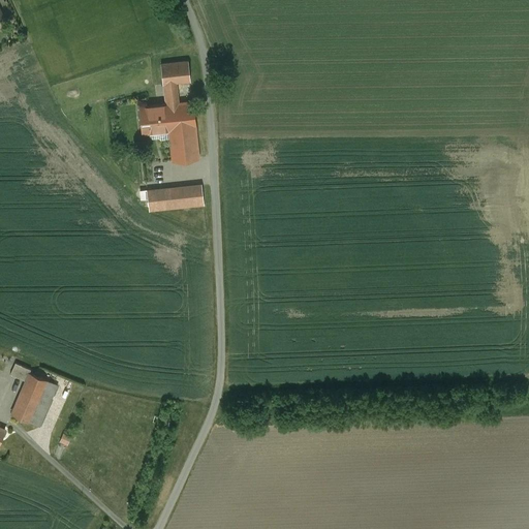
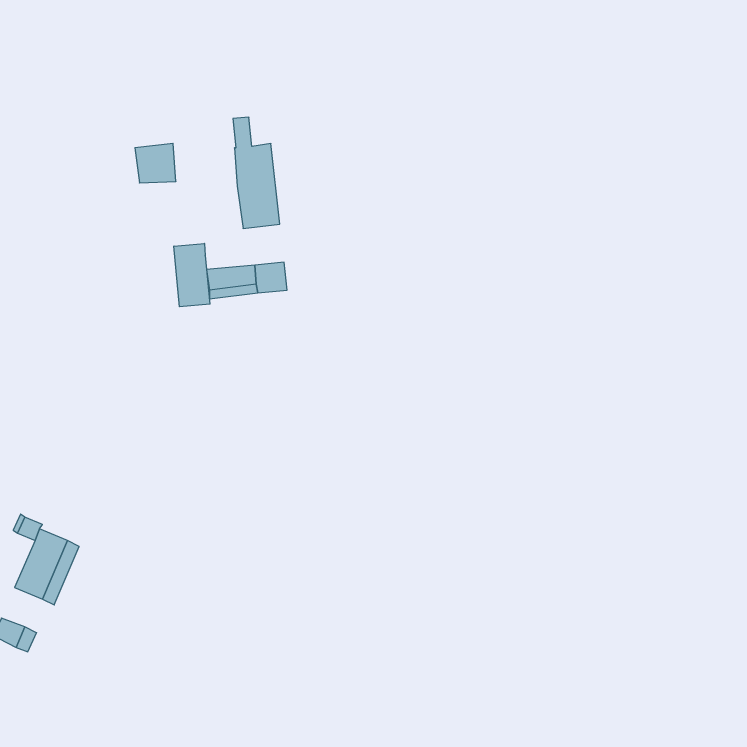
building: [160,62,189,85] -> none
building: [138,105,167,133] -> [135,143,176,183]
building: none -> [174,243,210,307]

